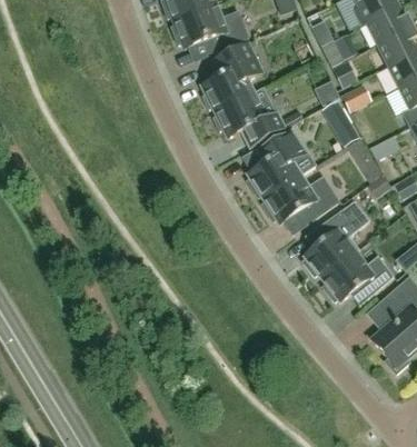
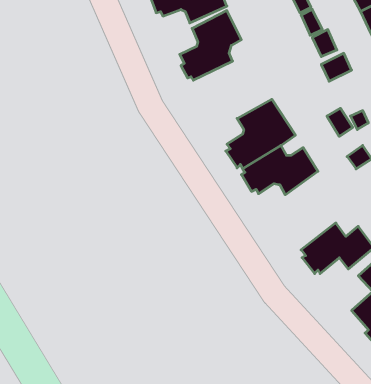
building: [214,91,285,148] -> none
building: [320,99,360,146] -> none
building: [302,209,359,278] -> none

